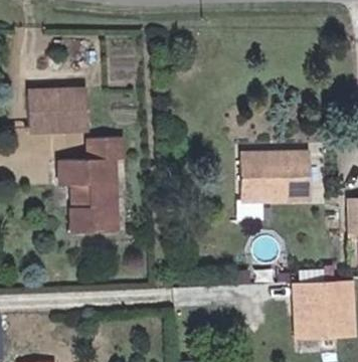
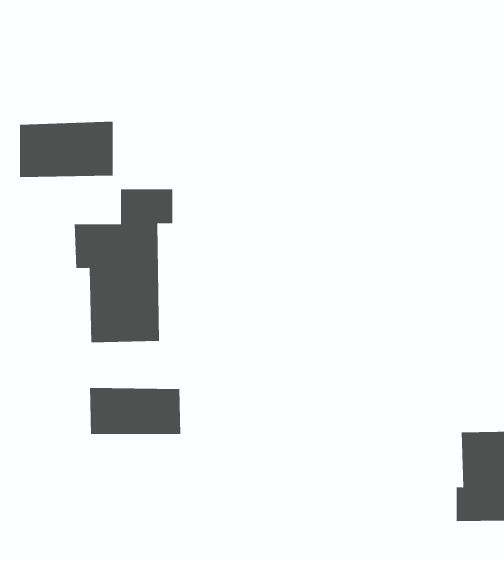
building: [243,153,312,198] -> none
building: none -> [90,387,181,435]

